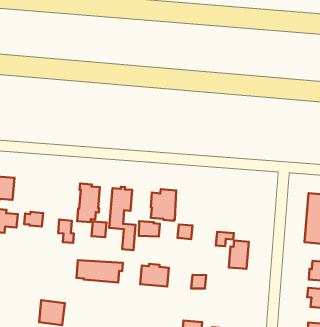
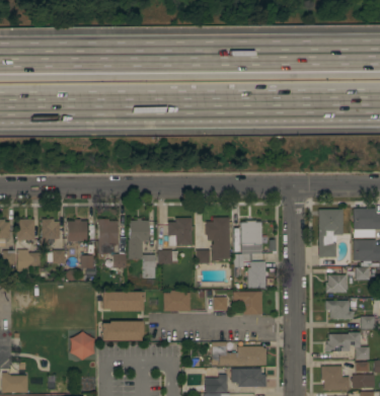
building: none -> [41,219,60,244]
building: none -> [68,220,87,241]
building: none -> [206,217,230,262]
building: none -> [241,221,261,245]
building: none -> [233,292,262,315]
building: none -> [102,321,143,340]

